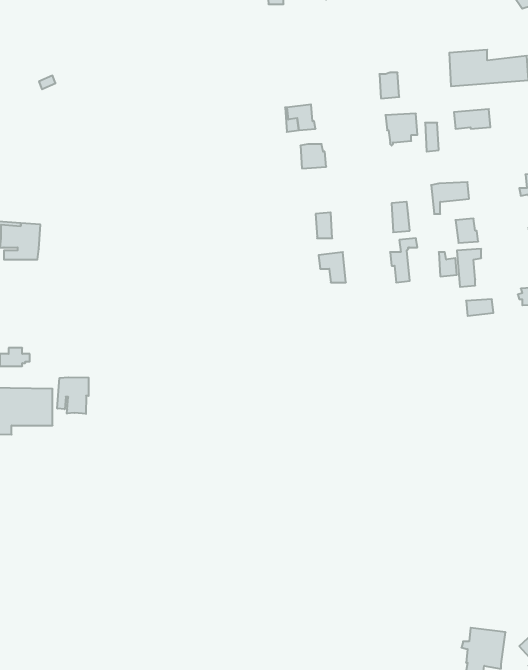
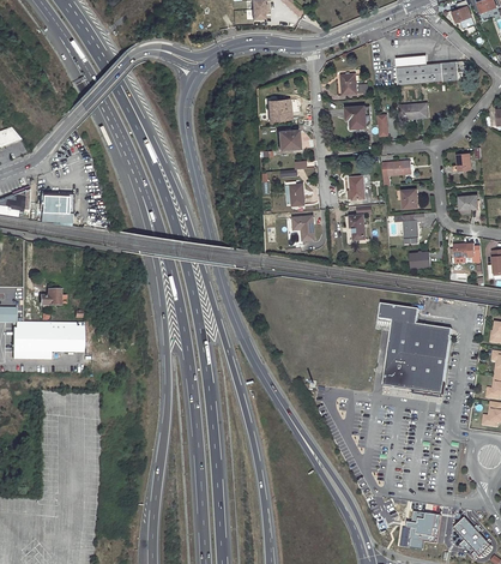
building: none -> [380,304,452,394]
building: [57,377,89,414] -> none

